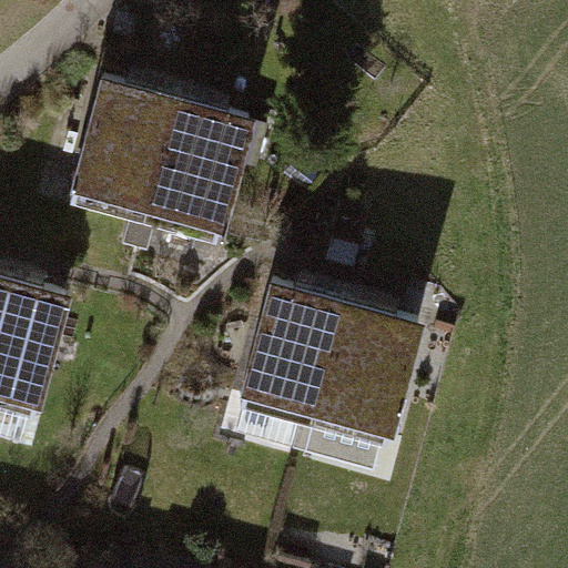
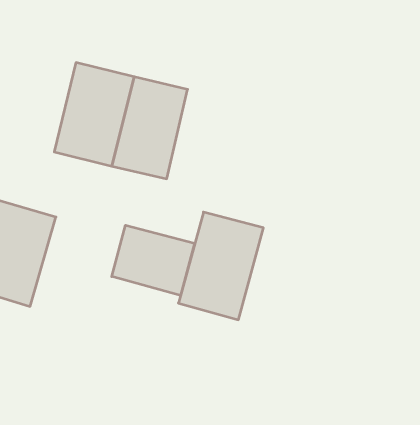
building: none -> [112,225,195,295]
building: [317,303,425,444] -> none

